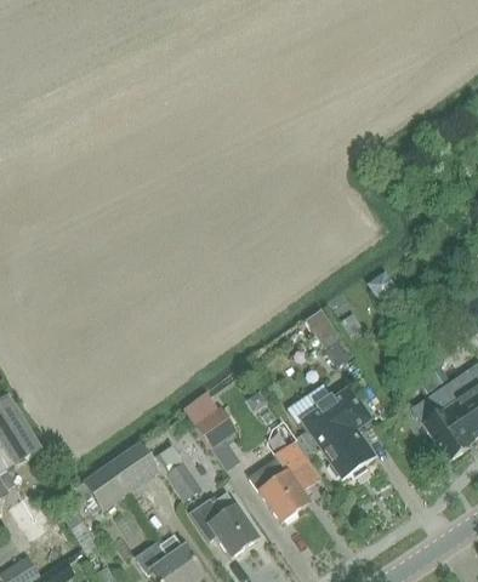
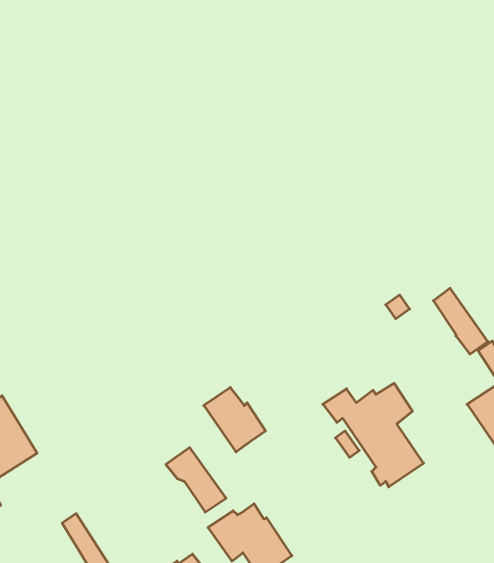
building: [306,309,353,366] -> [433,288,488,354]
building: [250,441,320,523] -> none
building: [75,443,160,514] -> none

